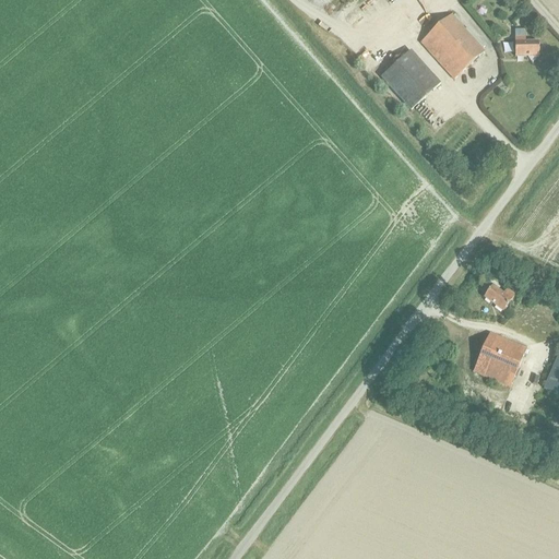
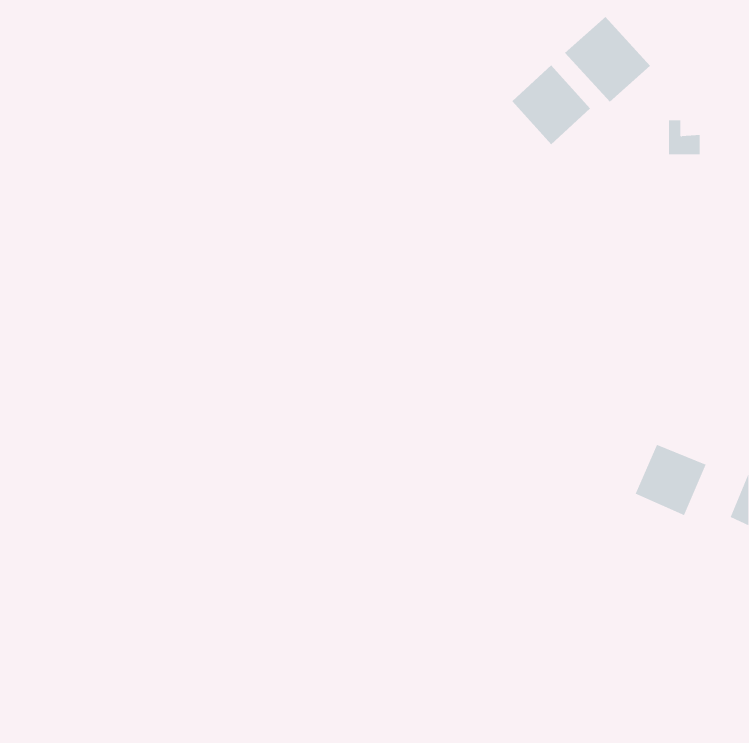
building: [515,27,539,53] -> [668,120,700,155]
building: [481,280,515,309] -> none

